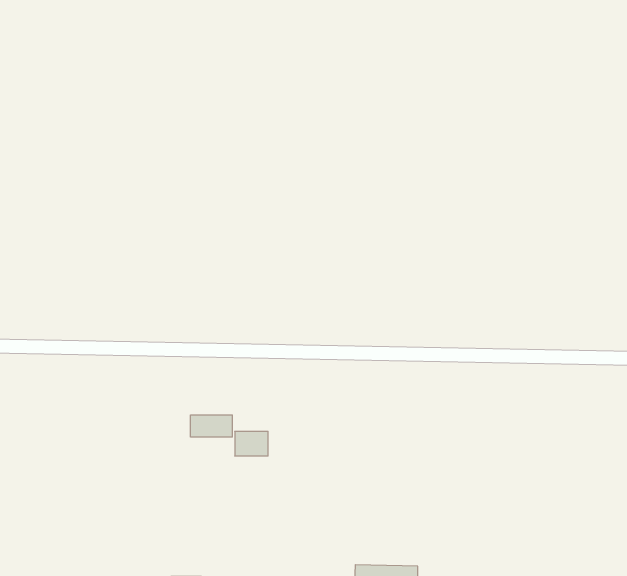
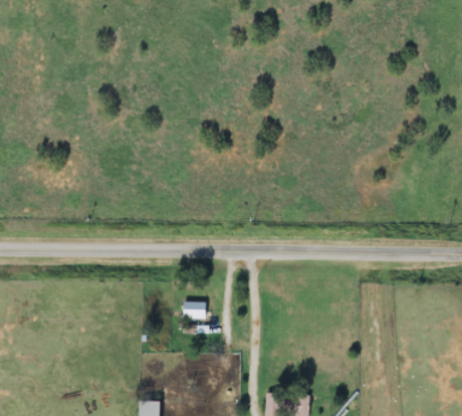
building: [191,415,232,437] -> none

